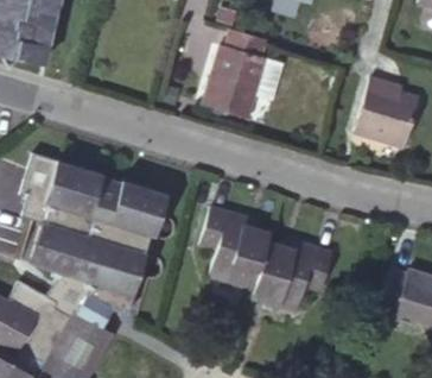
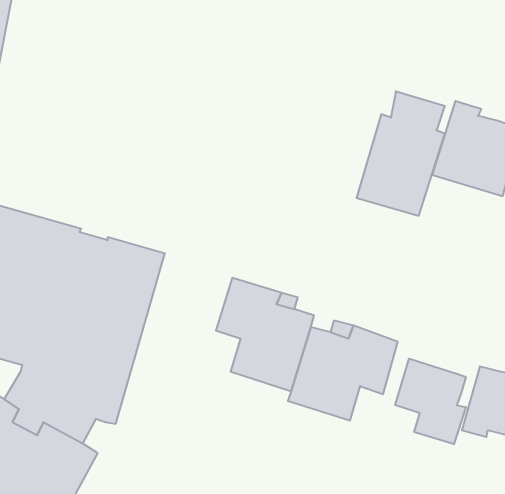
building: [203,31,267,121] -> [356,91,445,216]
building: none -> [395,359,466,444]

